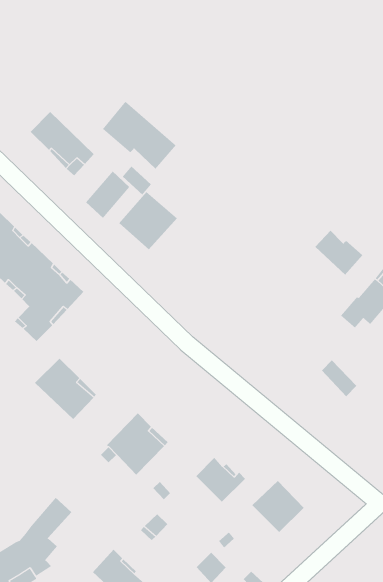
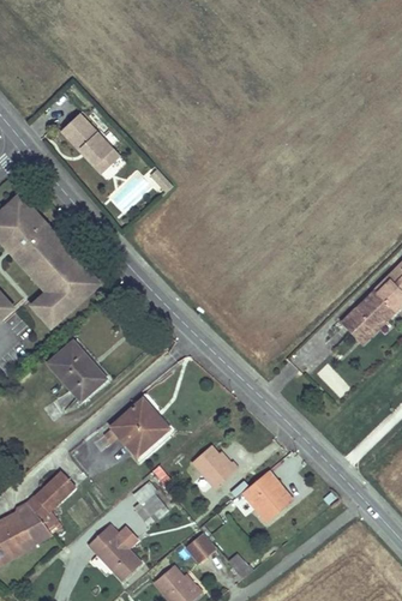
building: [102,101,177,170] -> none
building: [119,191,178,250] -> none
building: [315,230,363,275] -> none

